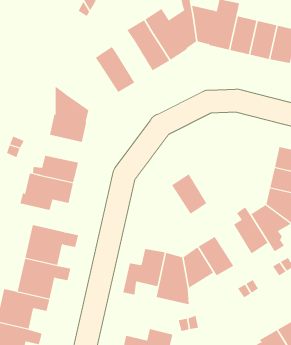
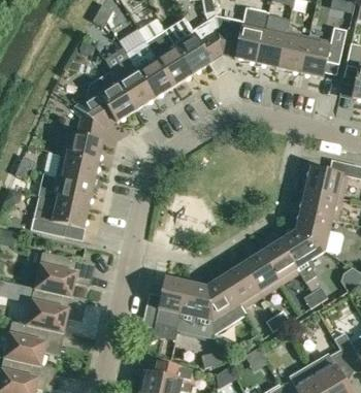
building: none -> [127,41,173,98]
building: none -> [73,71,136,128]
building: none -> [57,155,98,185]
building: [171,174,207,215] -> [241,252,281,296]

